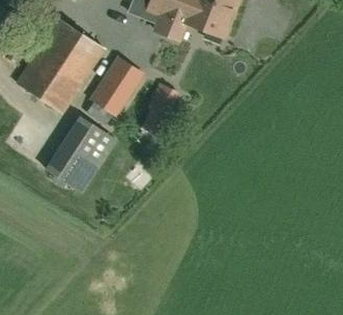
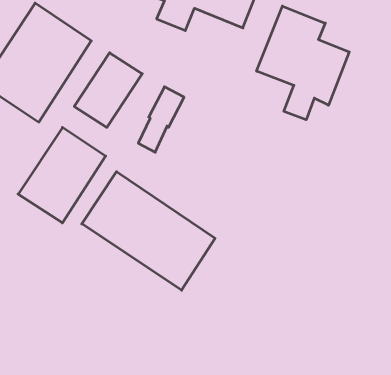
building: none -> [257,6,349,120]
building: none -> [82,172,215,290]

